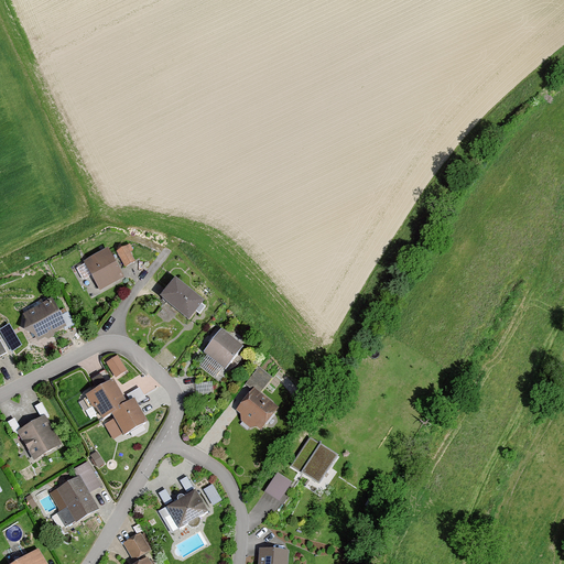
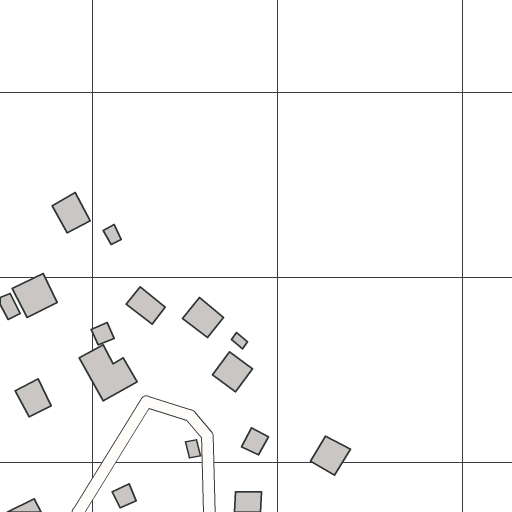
building: [82,248,123,292] -> [52,193,90,233]
building: [161,278,204,318] -> [126,287,165,324]
building: [293,440,337,482] -> [310,436,350,475]
building: [47,463,100,528] -> none
building: [165,491,207,528] -> none

